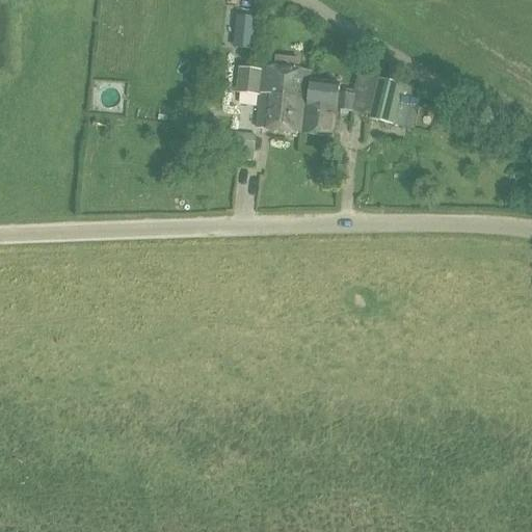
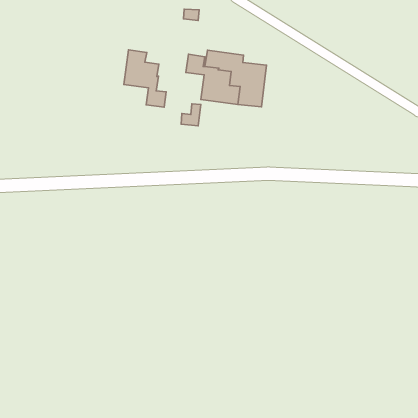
building: none -> [124,50,166,107]
building: [347,64,410,125] -> none

